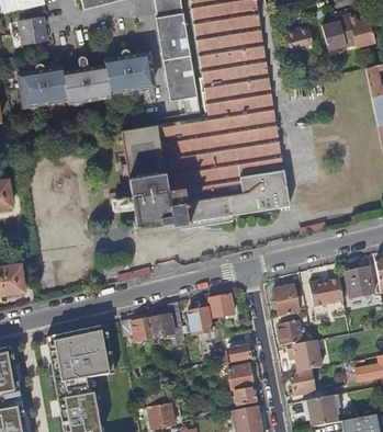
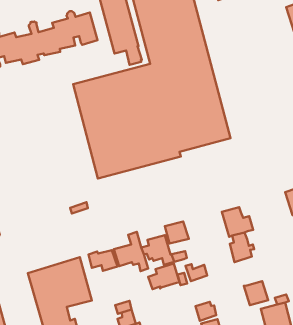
building: [307,280,342,306] -> none
building: [290,340,322,373] -> none
building: [218,365,252,391] -> [148,263,180,289]

